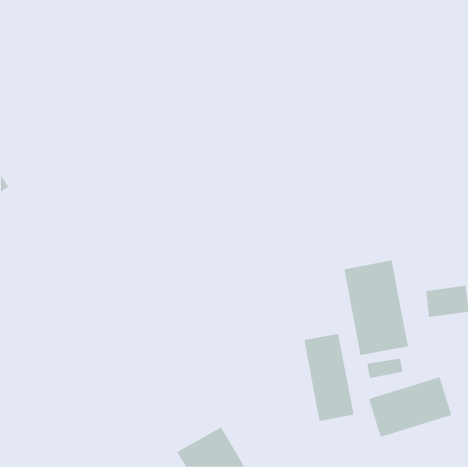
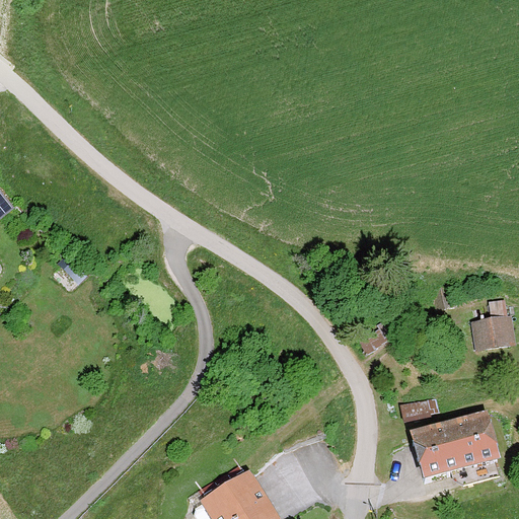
building: [344,260,408,356] -> none
building: [304,333,354,422] -> none

